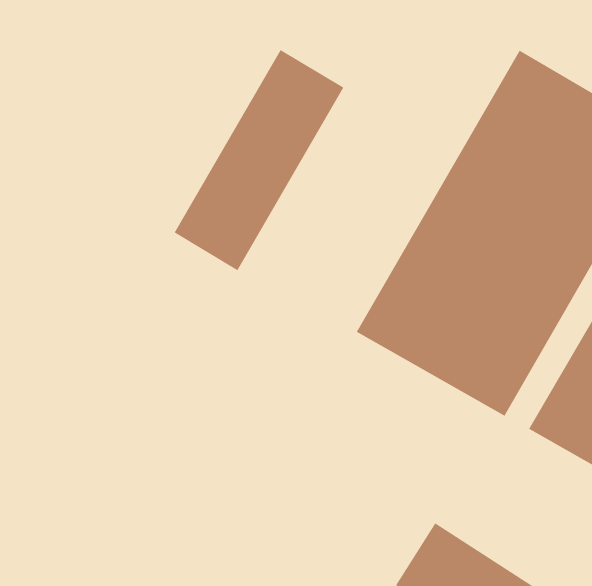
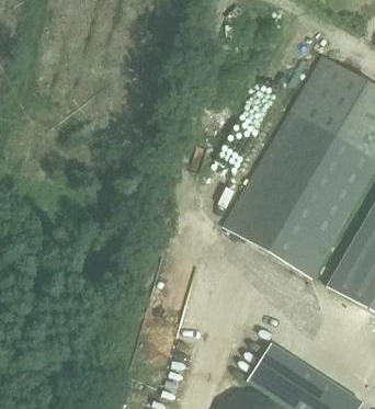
building: [174,49,344,271] -> none

